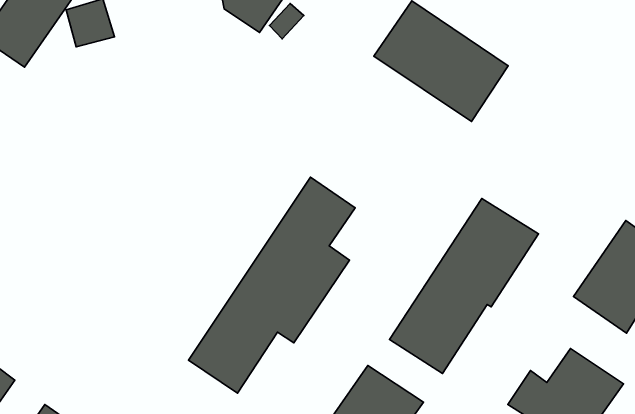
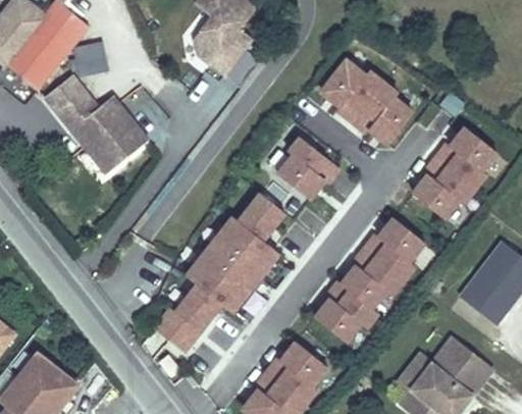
building: none -> [44,72,148,170]
building: none -> [408,124,500,228]
building: none -> [267,133,341,204]

